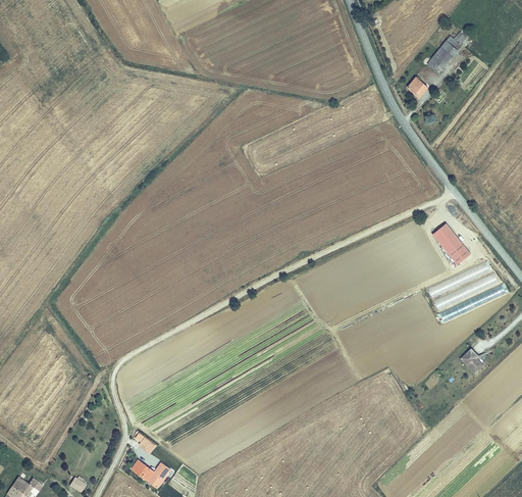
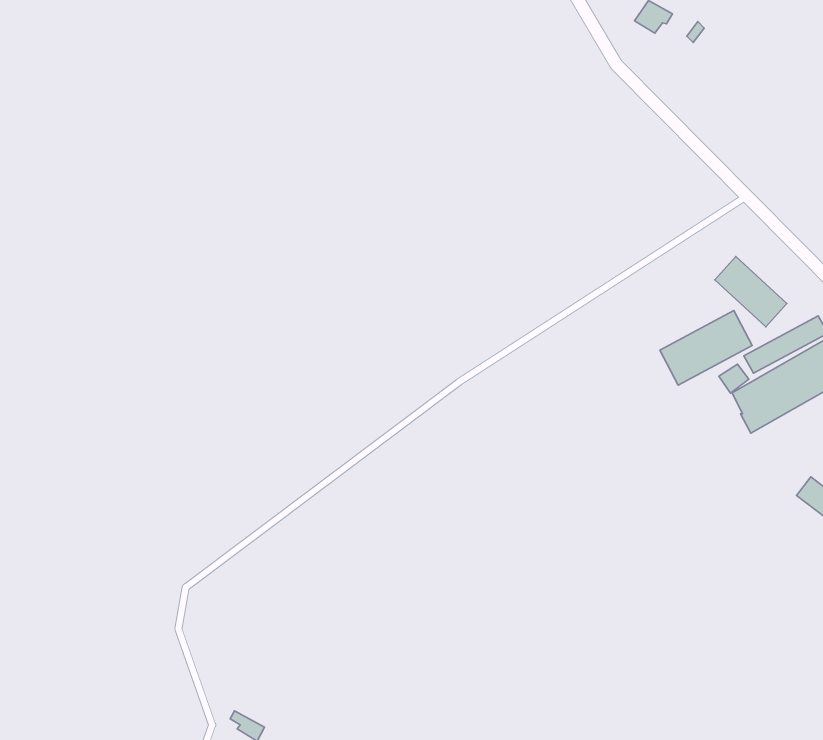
building: none -> [660,311,752,385]

